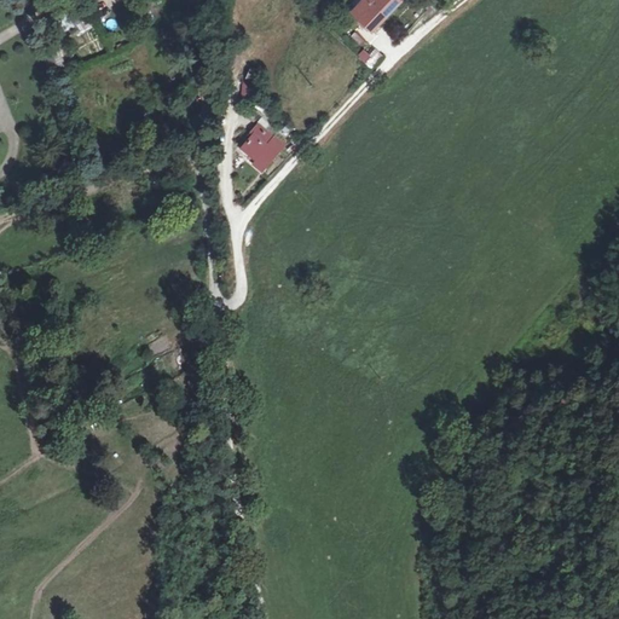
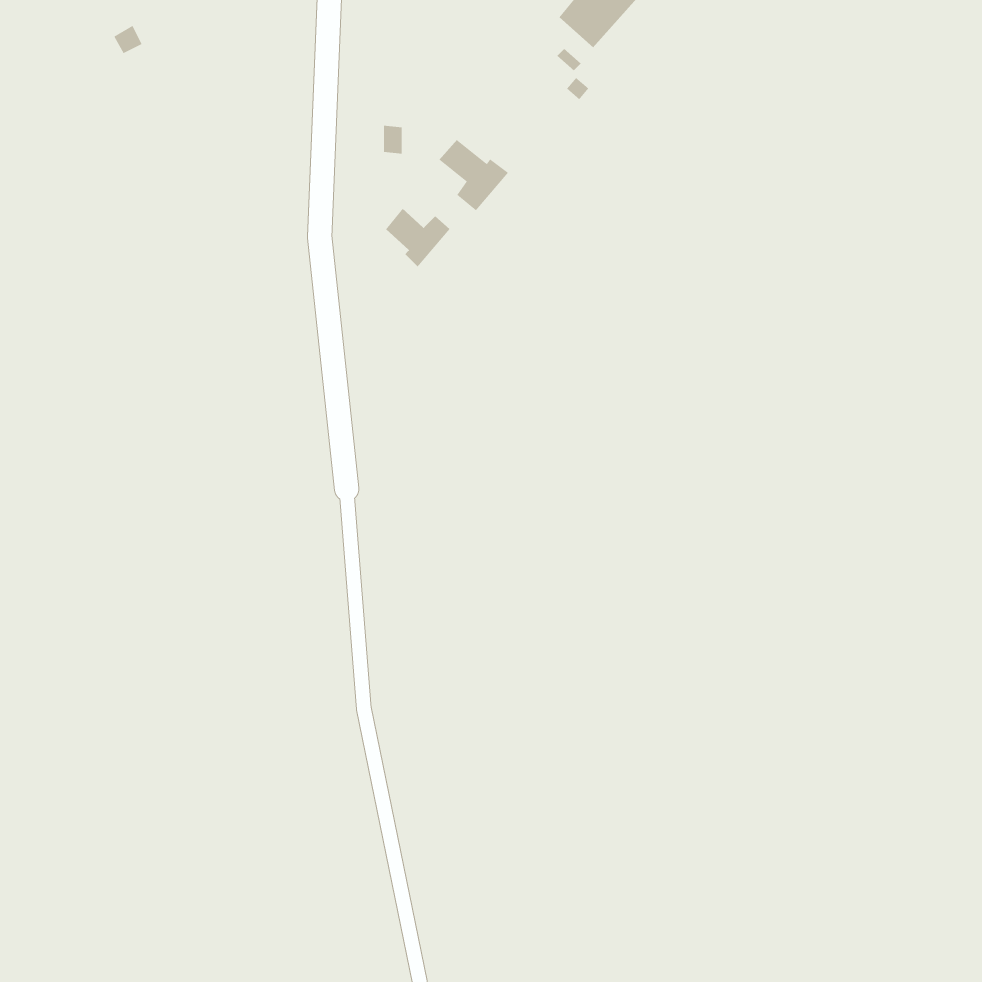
building: none -> [439,139,509,211]

